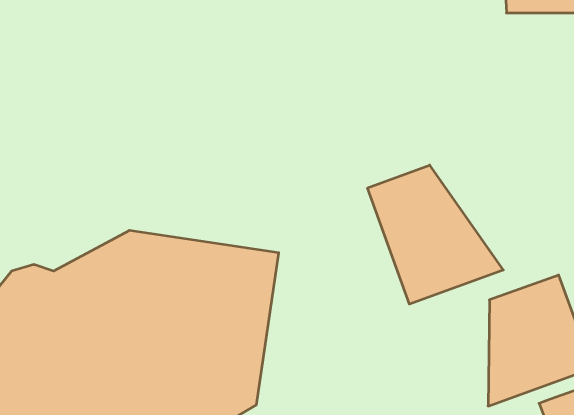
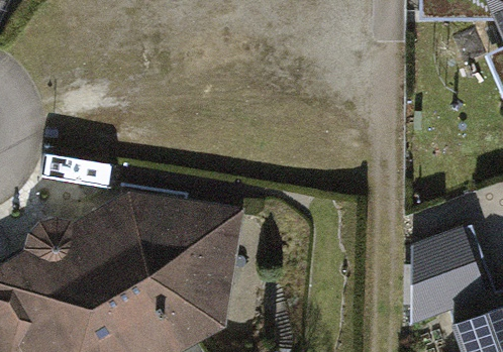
building: [368,165,503,304] -> none

